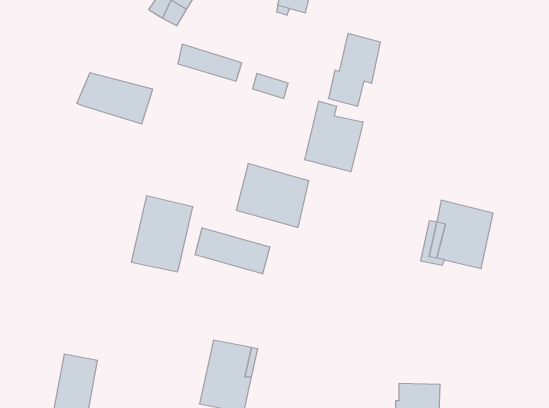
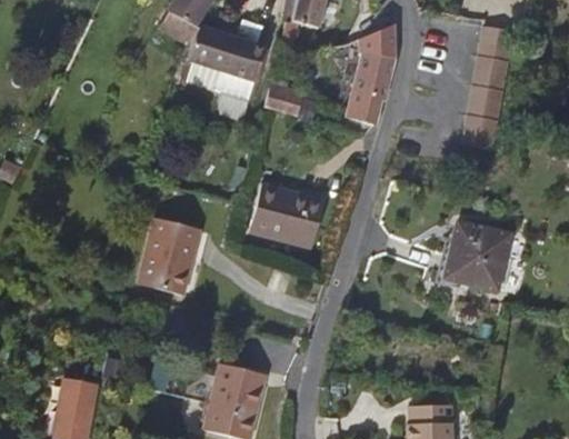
building: none -> [461,22,512,143]
building: [77,73,153,124] -> [186,27,263,79]
building: [305,101,363,172] -> none
building: [195,228,270,274] -> none

